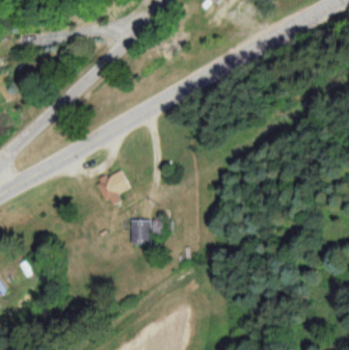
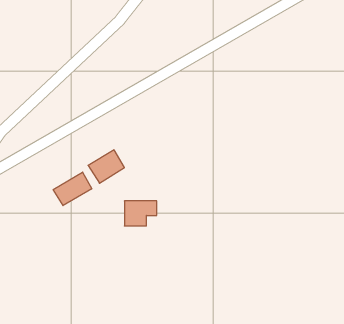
building: none -> [53,172,92,206]

